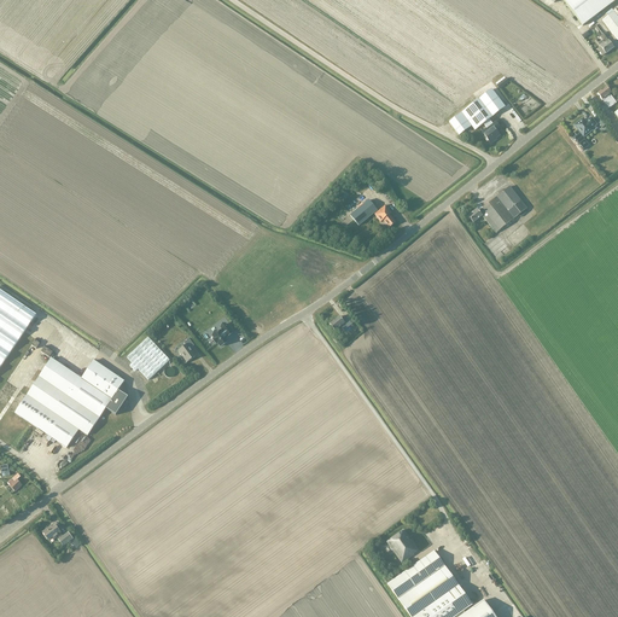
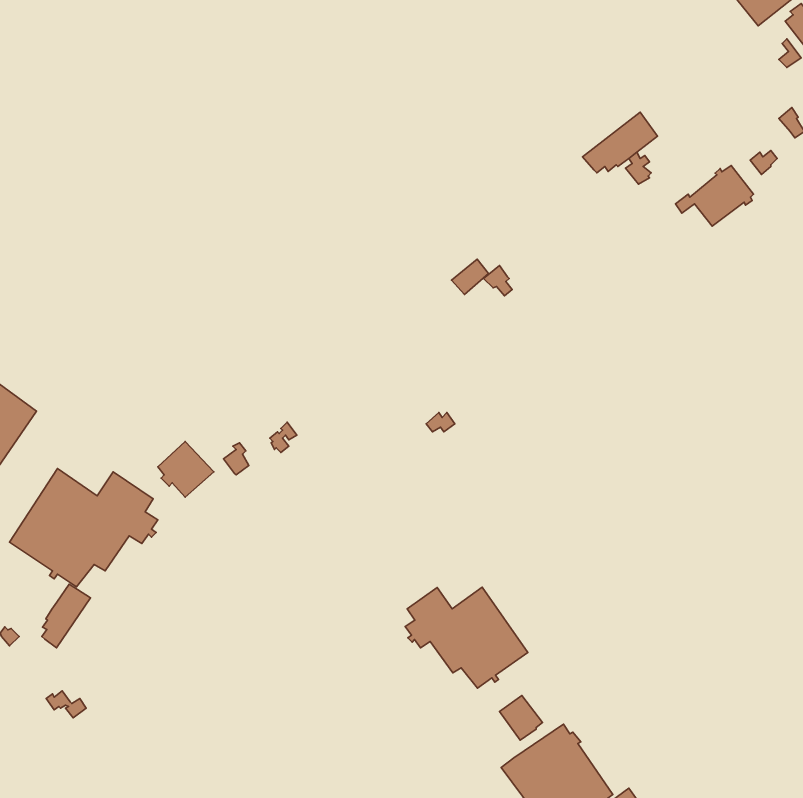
building: [467,185,526,231] -> [675,165,754,226]
building: none -> [42,584,90,648]
building: none -> [405,587,528,688]

